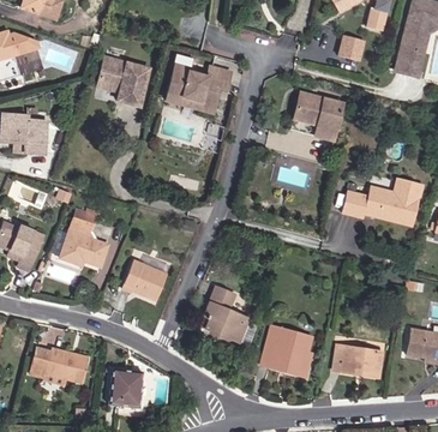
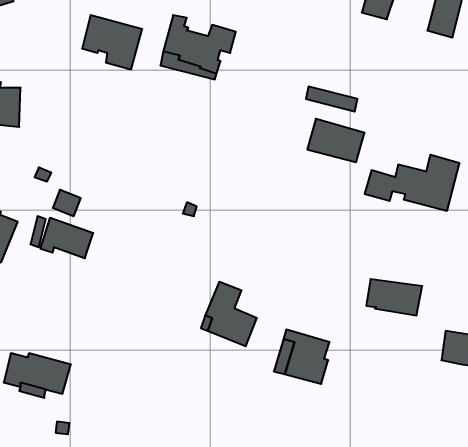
building: [293,92,342,130] -> [307,119,365,162]
building: [122,259,168,302] -> none
building: [335,346,383,377] -> [366,279,422,315]
building: [110,370,142,406] -> none

